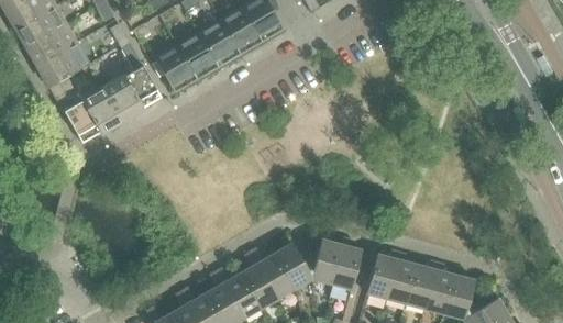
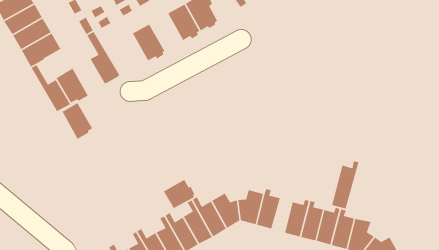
building: [198,20,240,67] -> none
building: [152,45,196,93] -> none
building: [102,76,142,123] -> [61,102,93,140]
building: none -> [331,160,359,210]
building: none -> [163,179,195,209]

